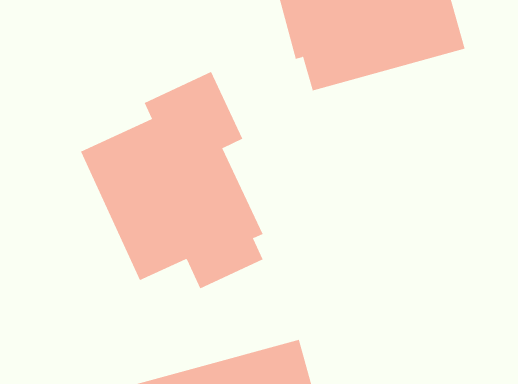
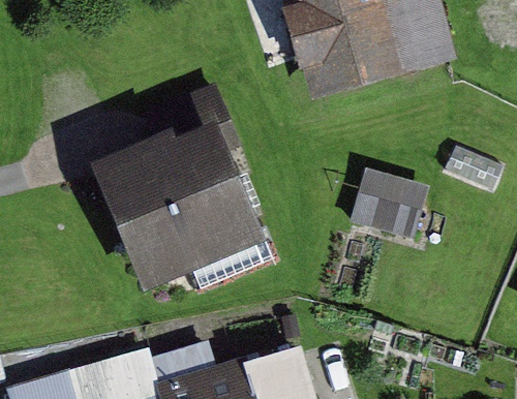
building: none -> [351,166,430,239]

